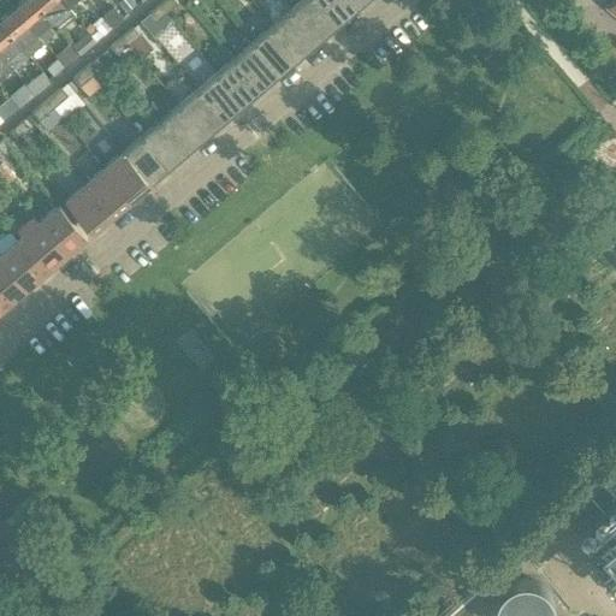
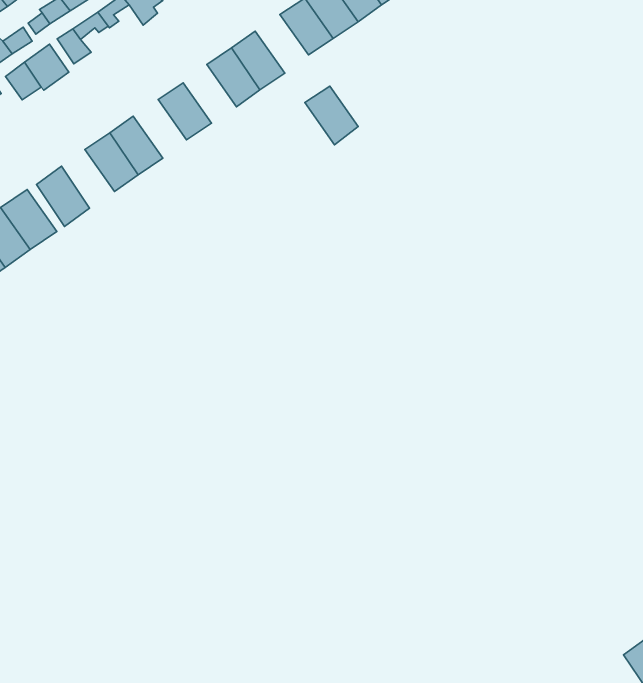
building: [235,42,280,90] -> [305,86,358,145]
building: [179,89,225,137] -> none
building: [141,122,186,170] -> none
building: [85,168,131,217] -> none

